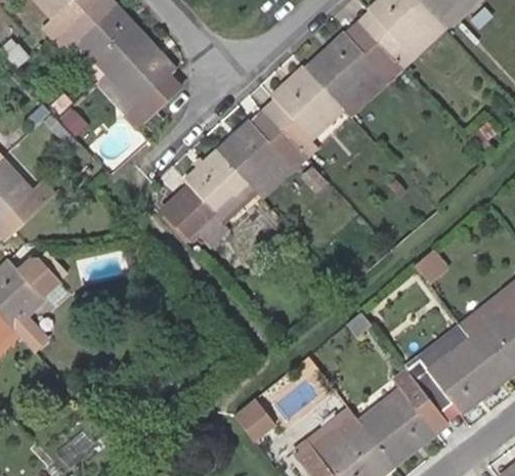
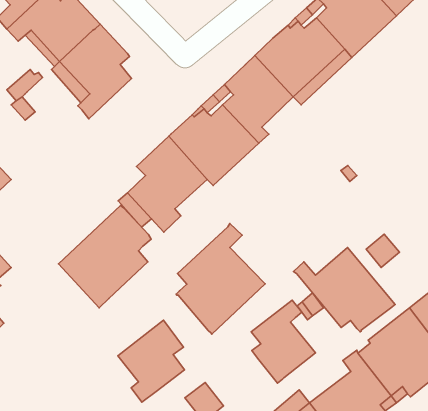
building: none -> [59,206,151,308]
building: none -> [176,223,265,334]
building: none -> [294,247,395,332]
building: none -> [251,300,315,383]
building: none -> [118,320,184,402]

